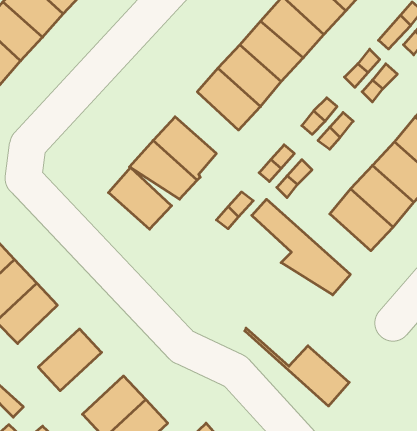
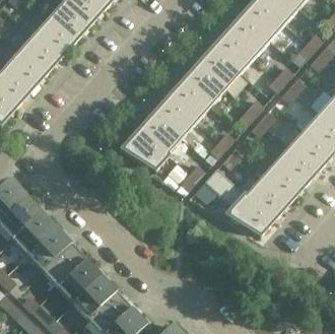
building: [108,167,172,229] -> [152,95,196,138]
building: none -> [44,243,86,285]
building: [245,328,349,406] -> [215,168,287,221]
building: none -> [73,275,117,318]

